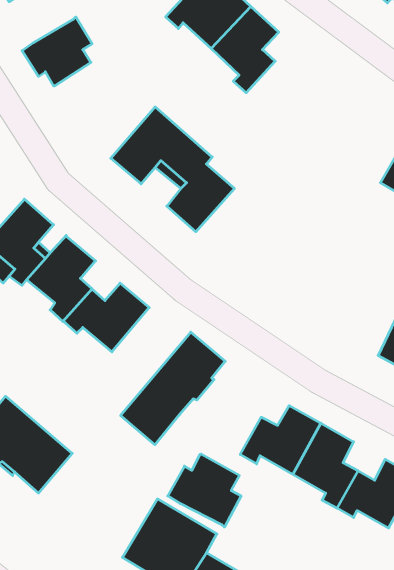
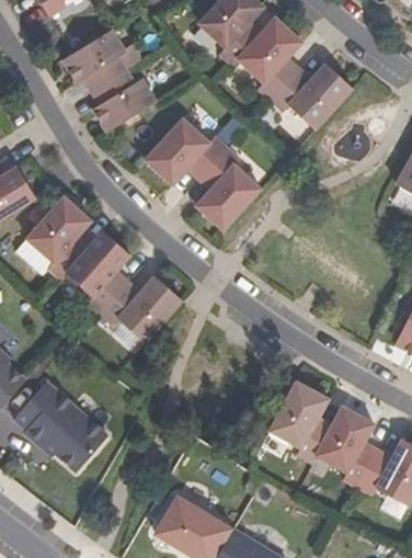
building: none -> [272,62,353,128]
building: none -> [92,69,154,130]
building: [121,332,225,445] -> none
building: [168,454,241,527] -> none

